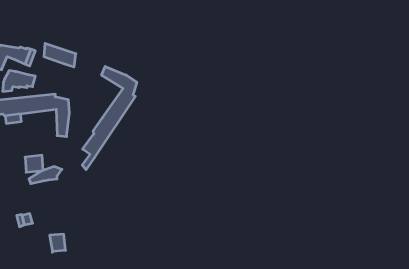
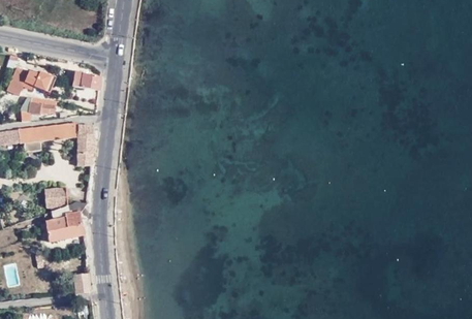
building: [82,66,137,170] -> none
building: none -> [43,215,82,242]

